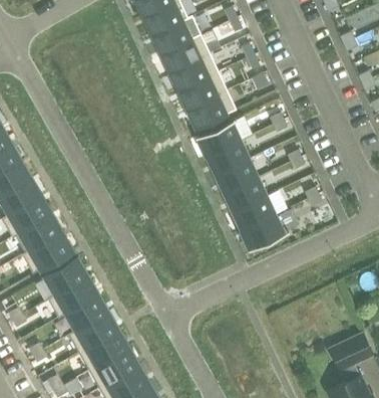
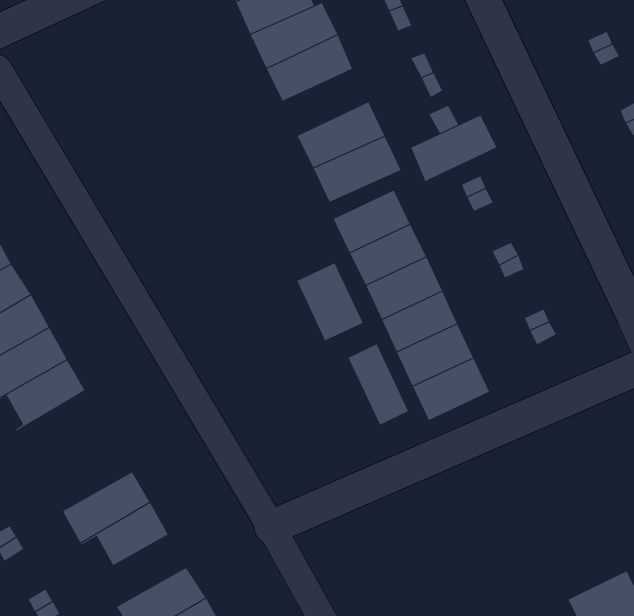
building: [170,52,219,89] -> [410,115,497,182]
building: none -> [296,262,363,341]
building: none -> [348,344,409,425]
building: [22,231,72,272] -> none
building: [45,257,87,298] -> none
building: [68,312,117,352] -> none

